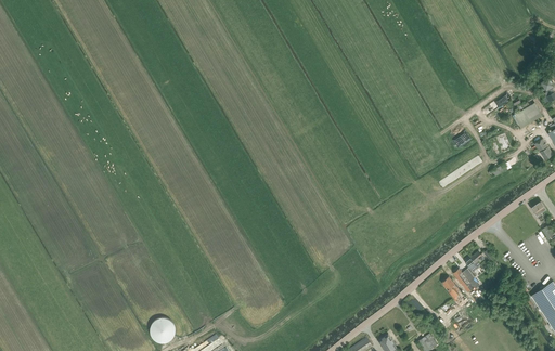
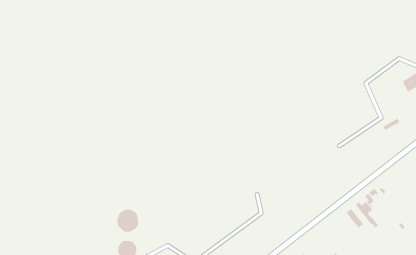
building: none -> [117,209,139,232]

